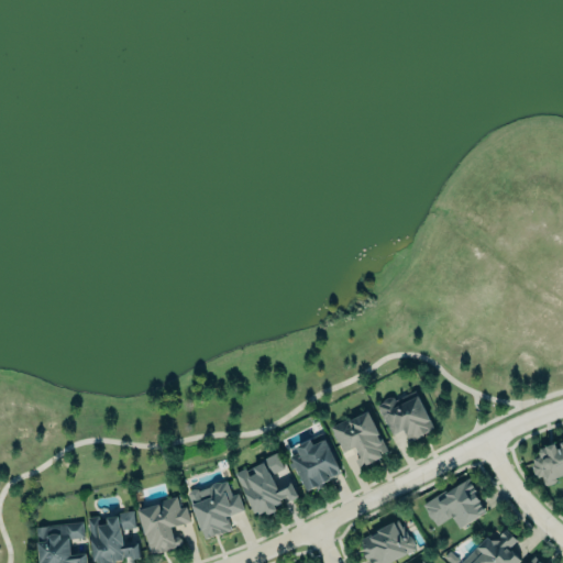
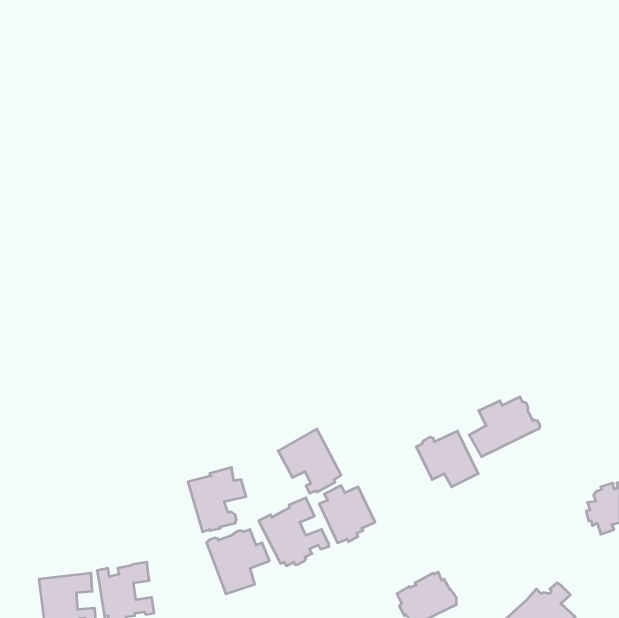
building: none -> [469,397,540,457]
building: [331,410,388,468] -> [278,429,341,493]
building: [423,478,487,530] -> none
building: [139,496,191,554] -> [188,467,246,532]

